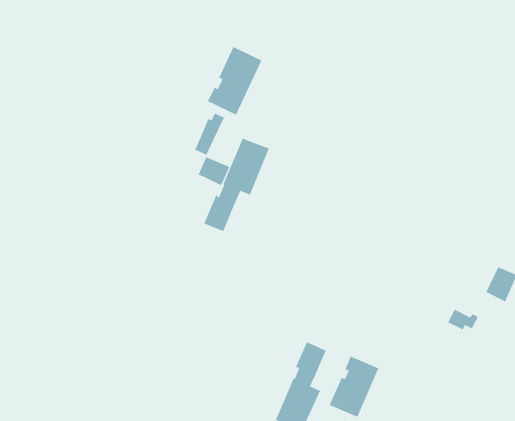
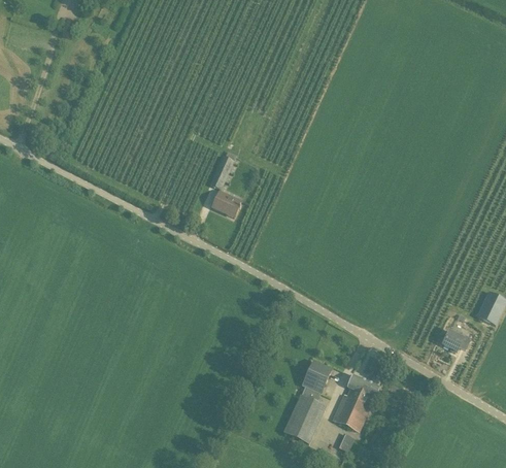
building: [207,46,262,116] -> none
building: [203,138,269,232] -> none

